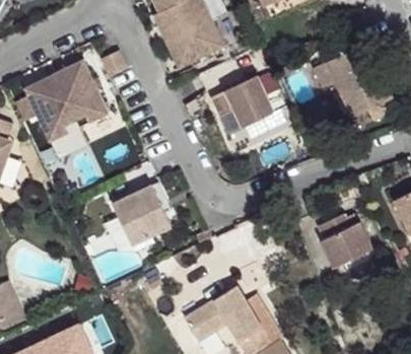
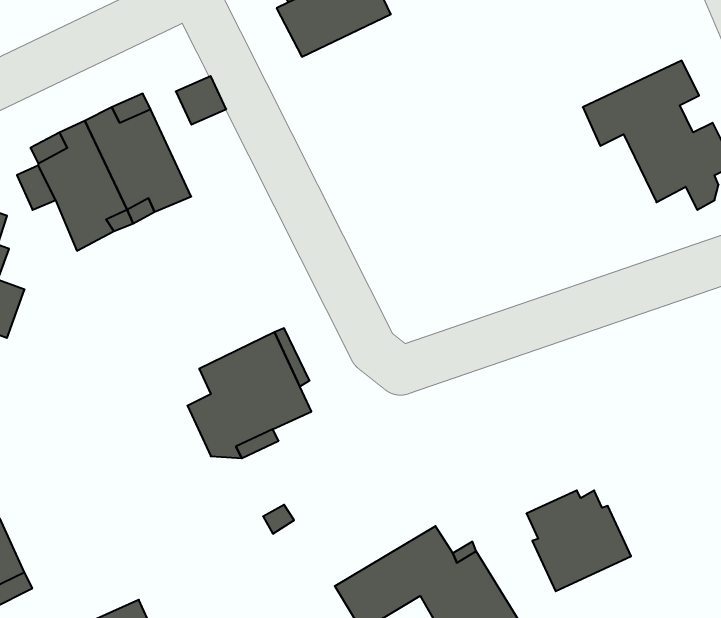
building: [165,18,224,67] -> none
building: [210,76,272,127] -> none
building: [317,214,371,267] -> [526,490,631,591]

